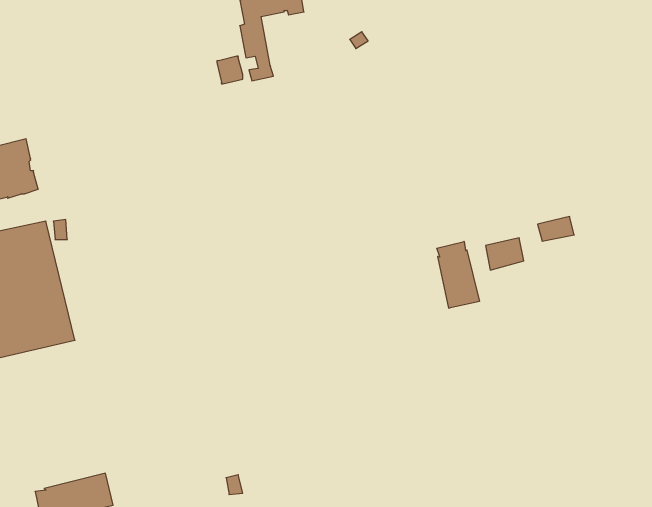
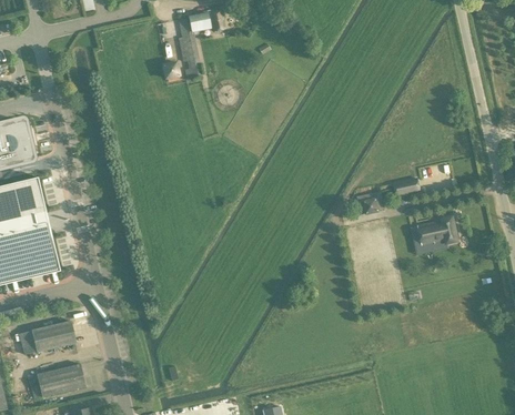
building: [437,241,479,308] -> none
building: none -> [417,217,458,243]
building: none -> [18,322,75,355]

